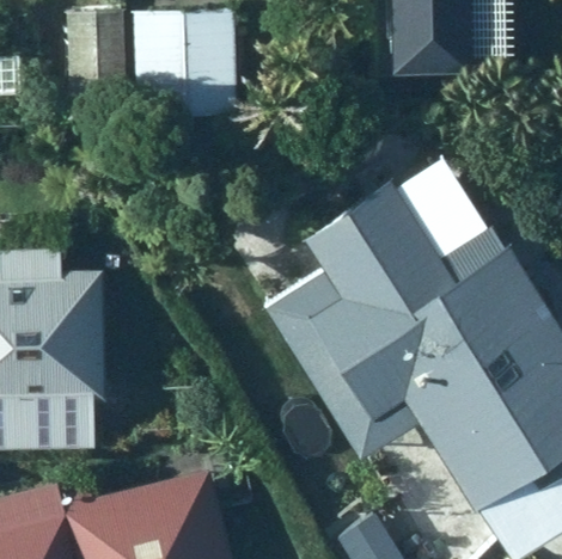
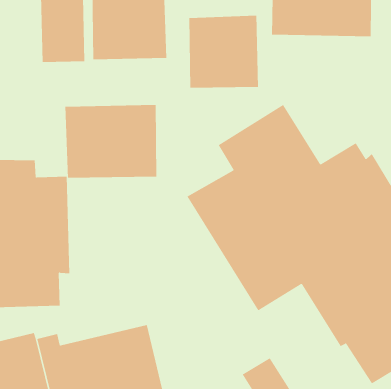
building: none -> [189,15,259,88]
building: none -> [65,104,157,178]

